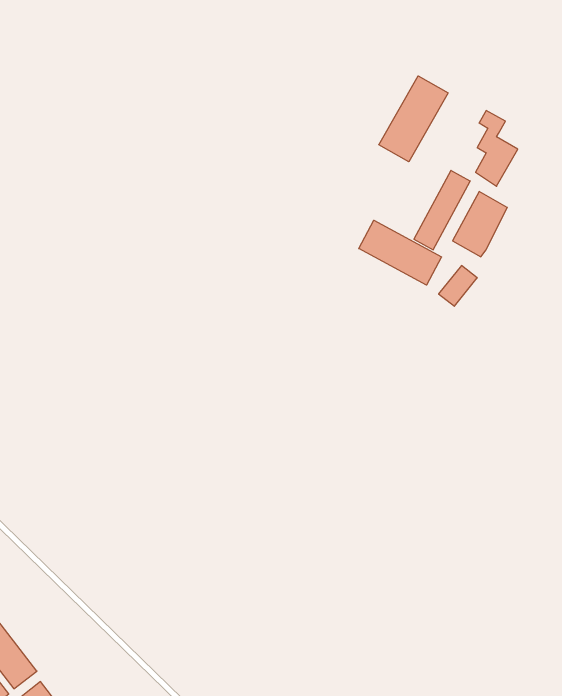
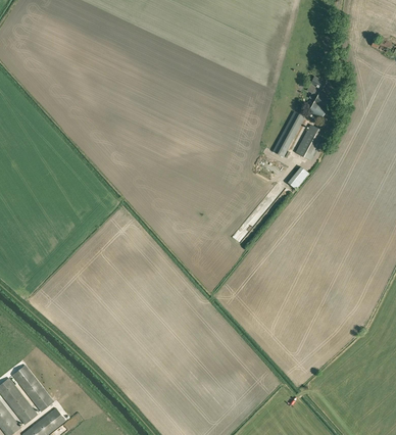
building: [379,76,448,162] -> none
building: [359,220,442,285] -> none

